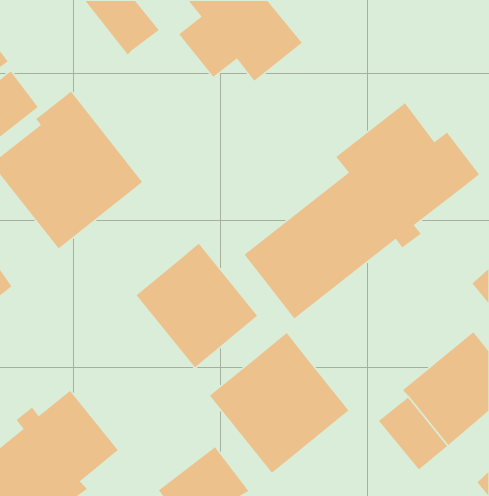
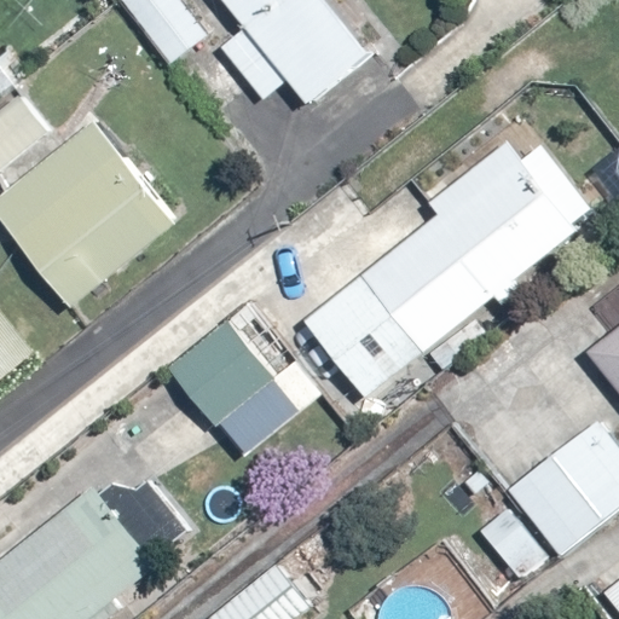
building: [209,332,350,474] -> none

